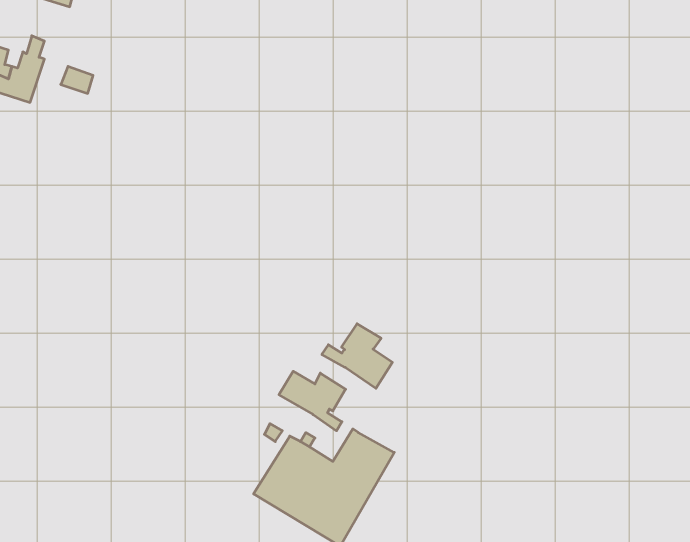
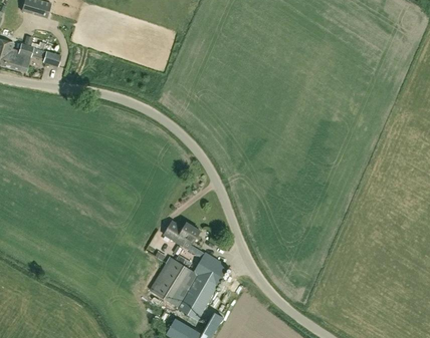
building: [322,324,392,388] -> none

